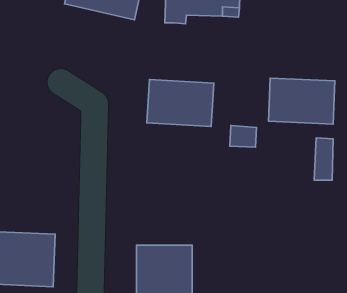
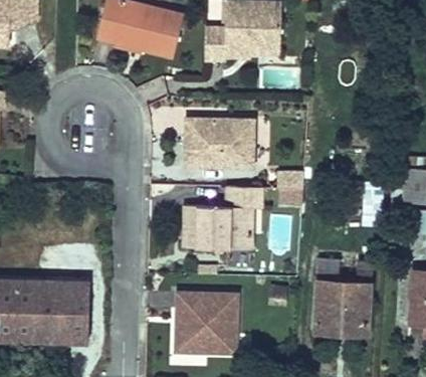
building: [269,78,335,124] -> none
building: none -> [183,189,263,252]
building: none -> [313,253,373,335]

